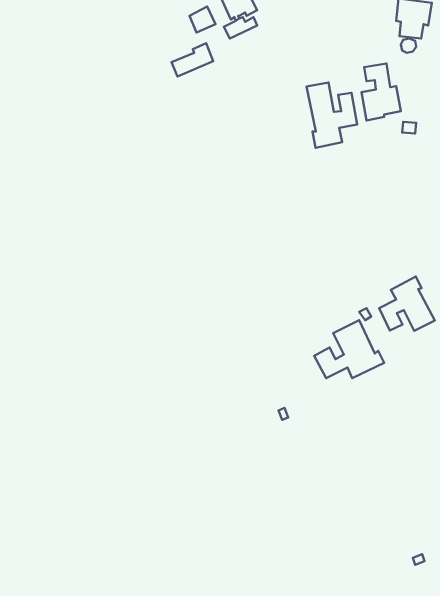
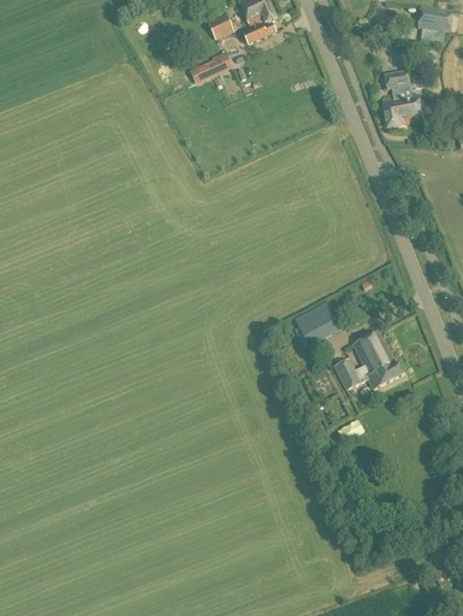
building: [306,82,357,148] -> none
building: [379,277,435,331] -> none
building: none -> [293,301,340,345]

